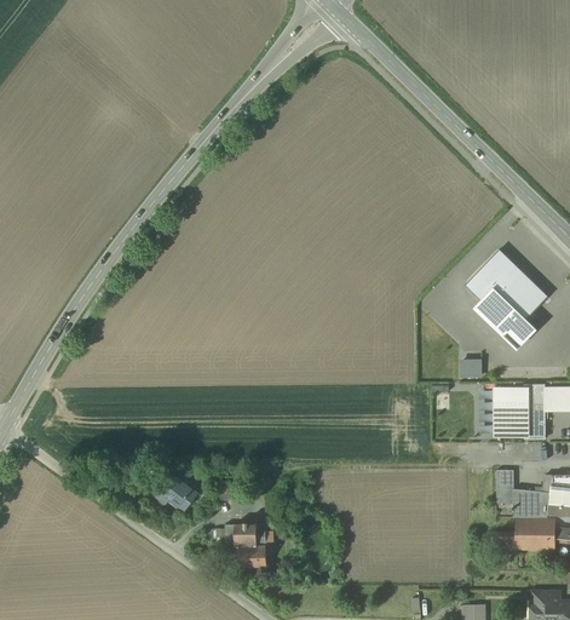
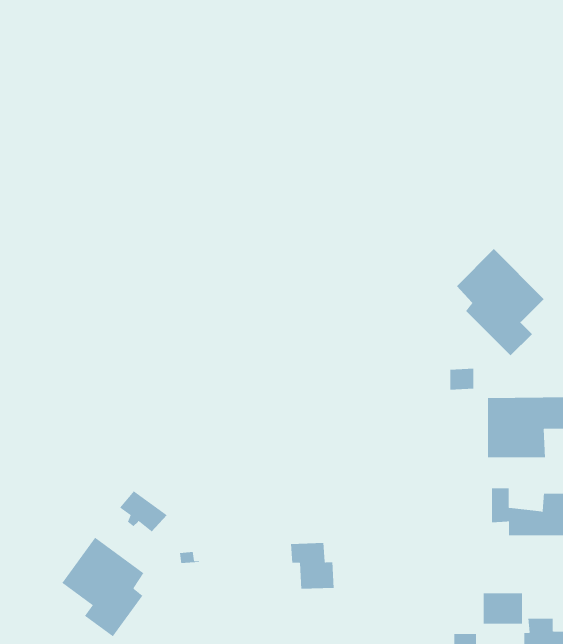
building: none -> [61,537,144,637]
building: [516,522,553,551] -> [483,593,523,624]
building: [228,524,269,568] -> [290,542,334,589]

